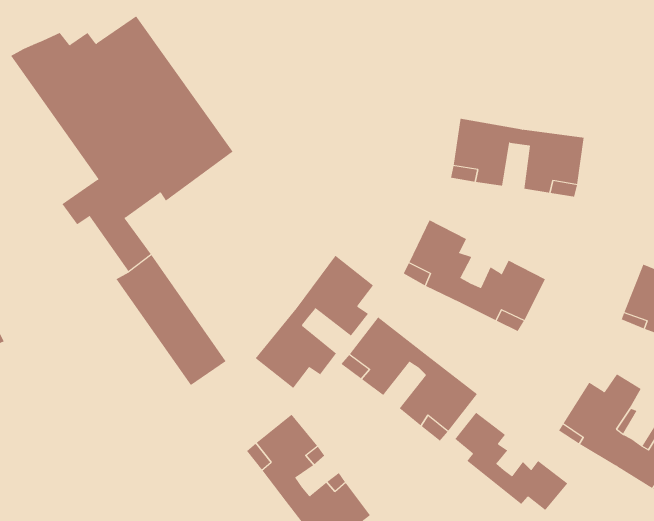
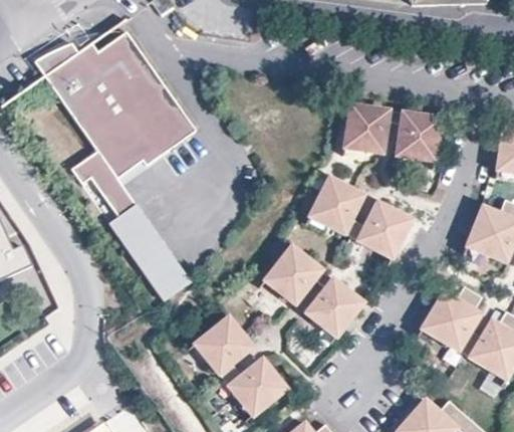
building: [255,255,374,389] -> none
building: [454,412,568,511] -> none

